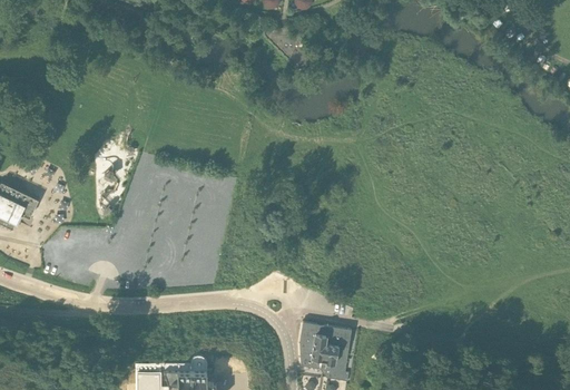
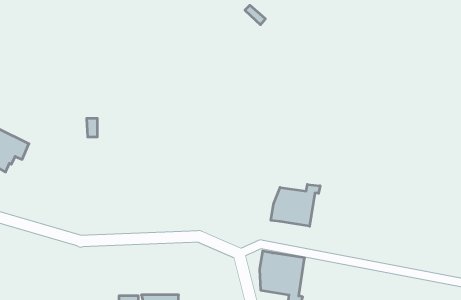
building: none -> [271,184,320,226]

